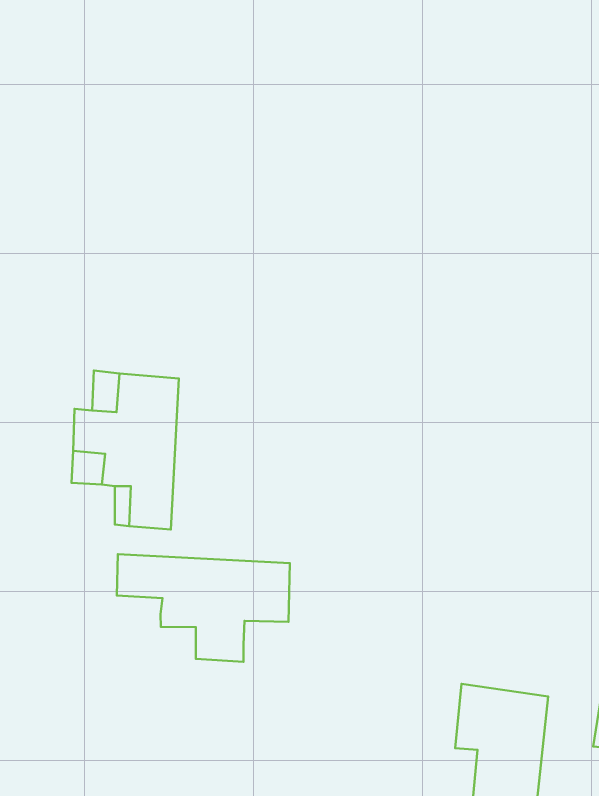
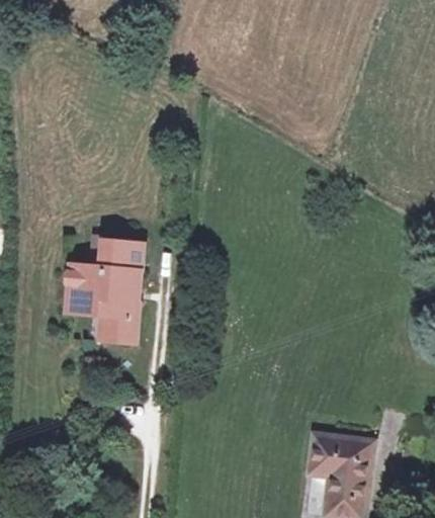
building: [117,554,290,662] -> none

